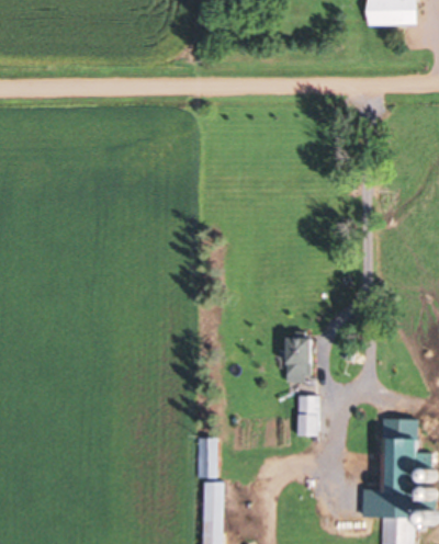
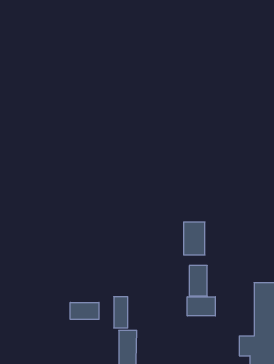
building: none -> [187,297,215,316]
building: none -> [70,302,99,319]

